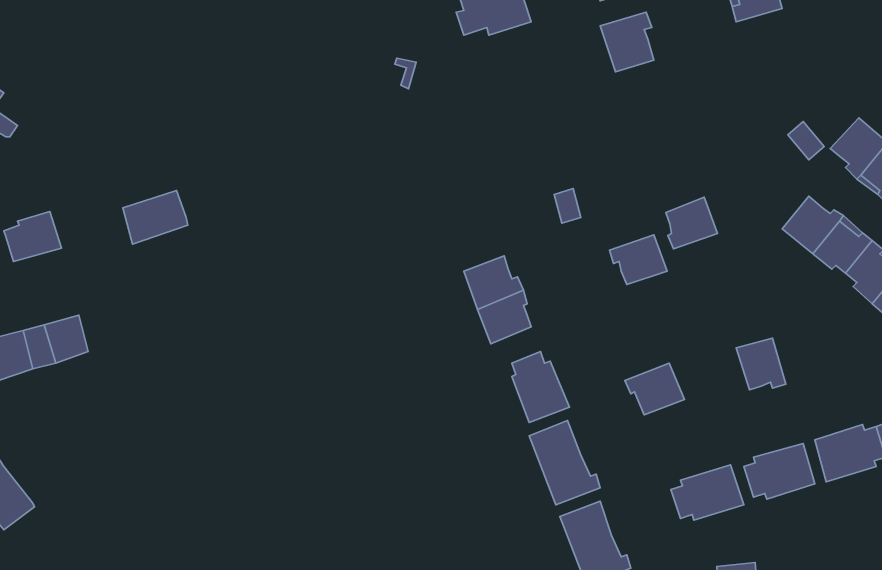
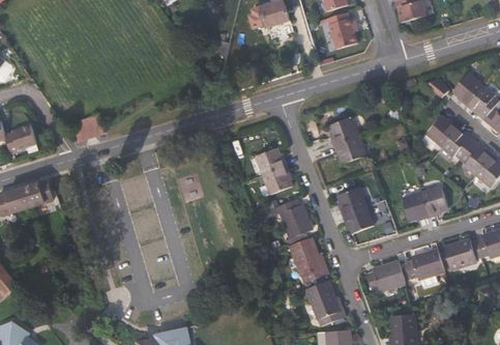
building: [666,197,718,249] -> [328,117,356,145]
building: none -> [420,186,446,218]
building: none -> [336,188,364,215]

